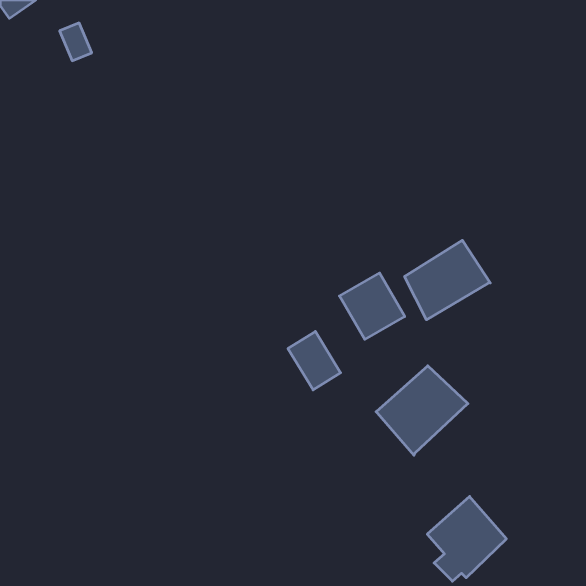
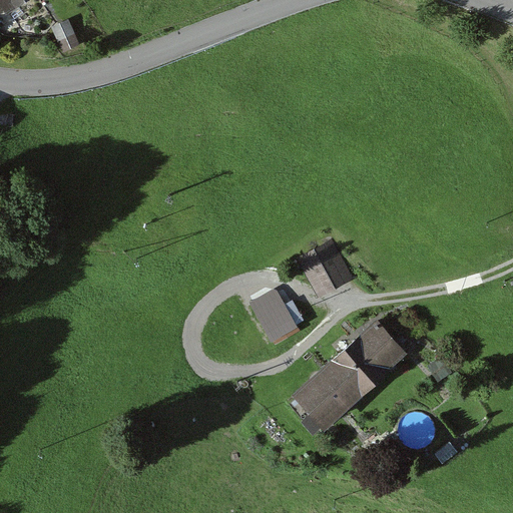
building: [405,240,490,320] -> none
building: [427,496,506,581] -> [293,361,362,435]

